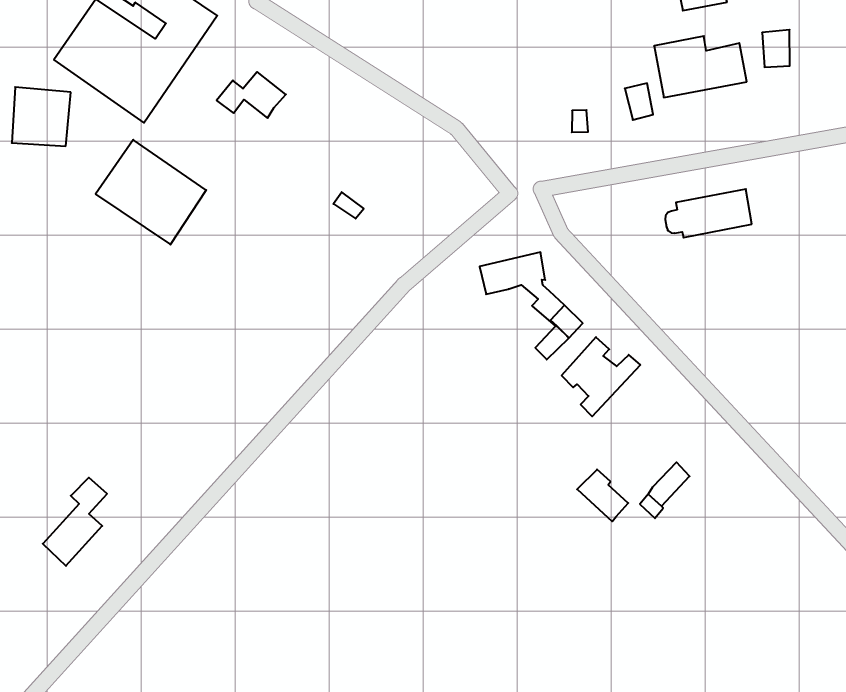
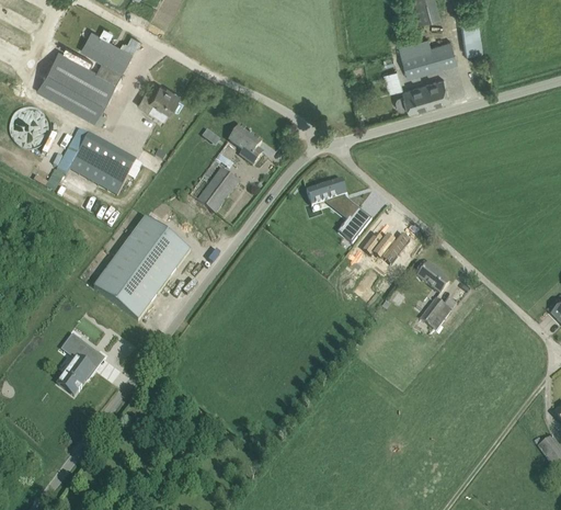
building: none -> [229,125,263,163]
building: [665,189,752,238] -> [397,78,449,111]
building: none -> [197,168,239,213]
building: none -> [93,216,191,320]
building: [577,469,628,521] -> [417,262,449,293]

